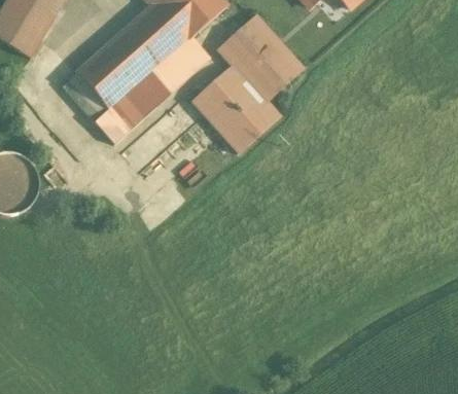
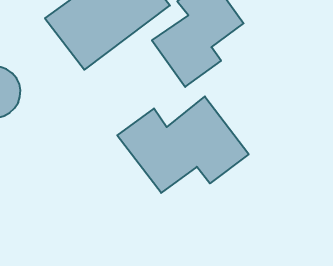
building: none -> [117,96,249,193]

